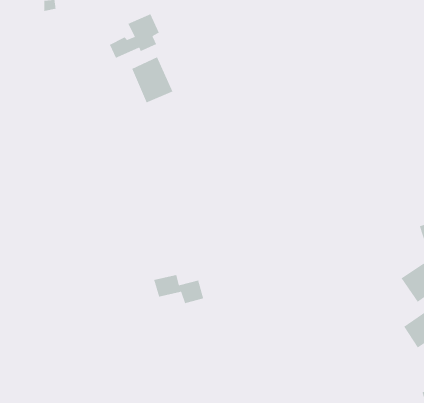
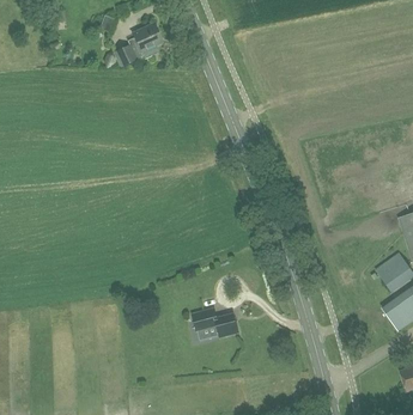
building: [131,56,174,103] -> none
building: [153,274,204,304] -> [190,309,237,336]

